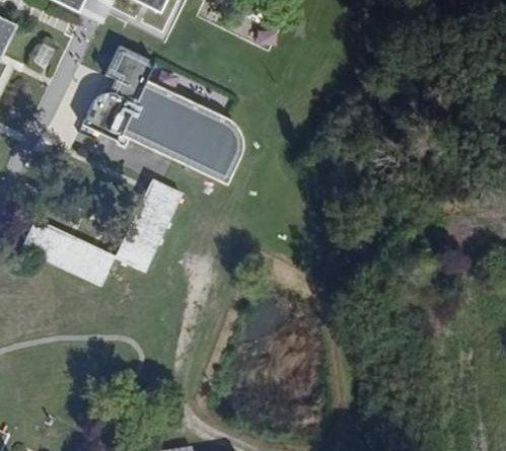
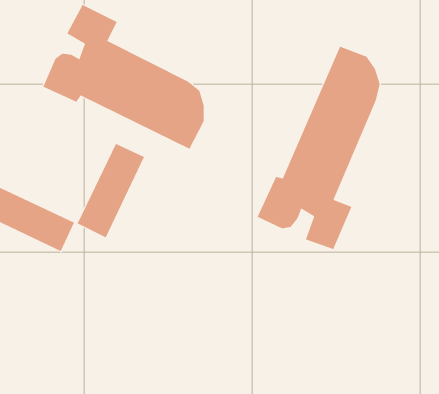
building: none -> [257,46,380,250]

